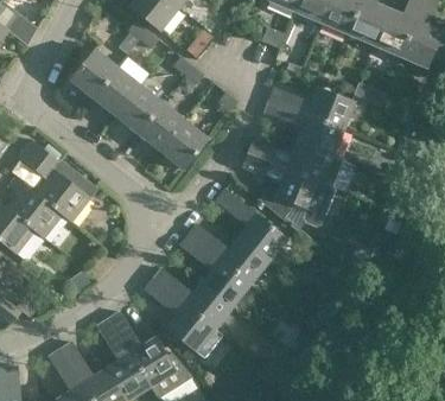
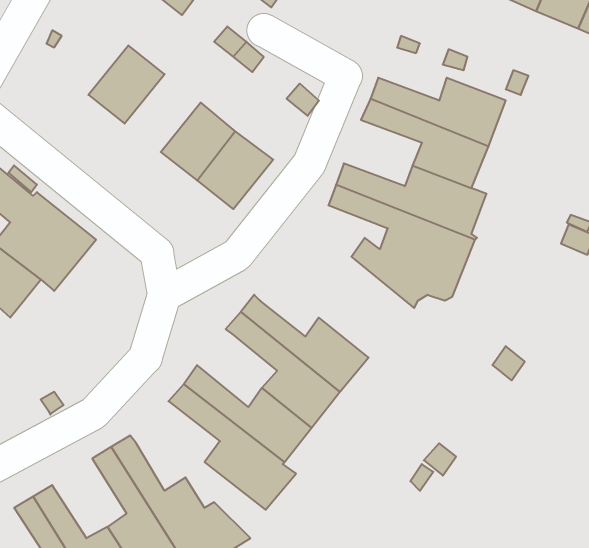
building: [71,50,119,98] -> none
building: [116,85,164,134] -> none
building: [215,189,287,262] -> none

